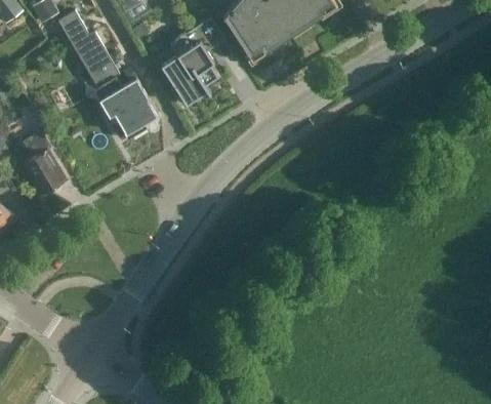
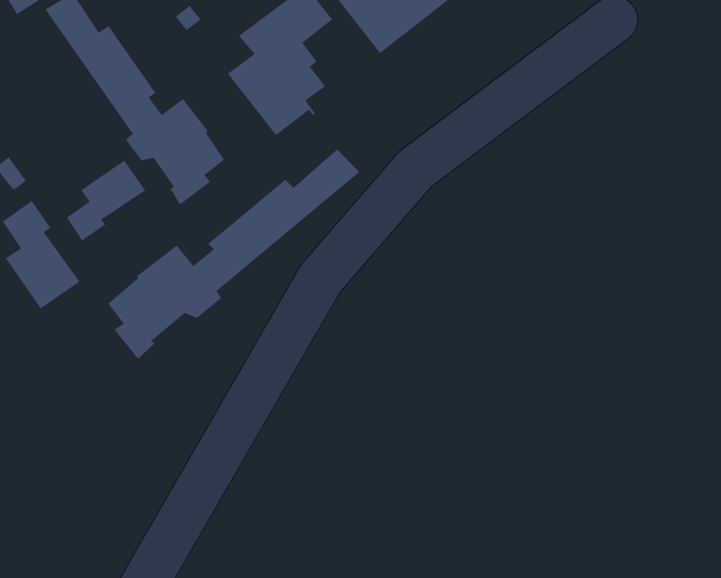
building: none -> [66,159,146,242]
building: none -> [107,148,360,360]

